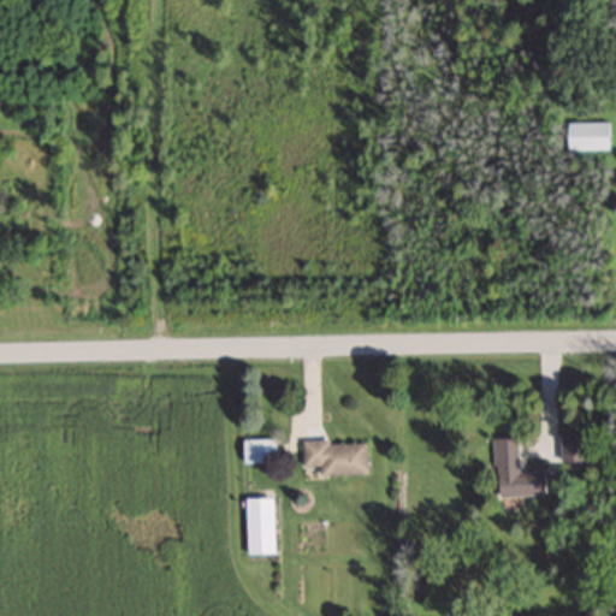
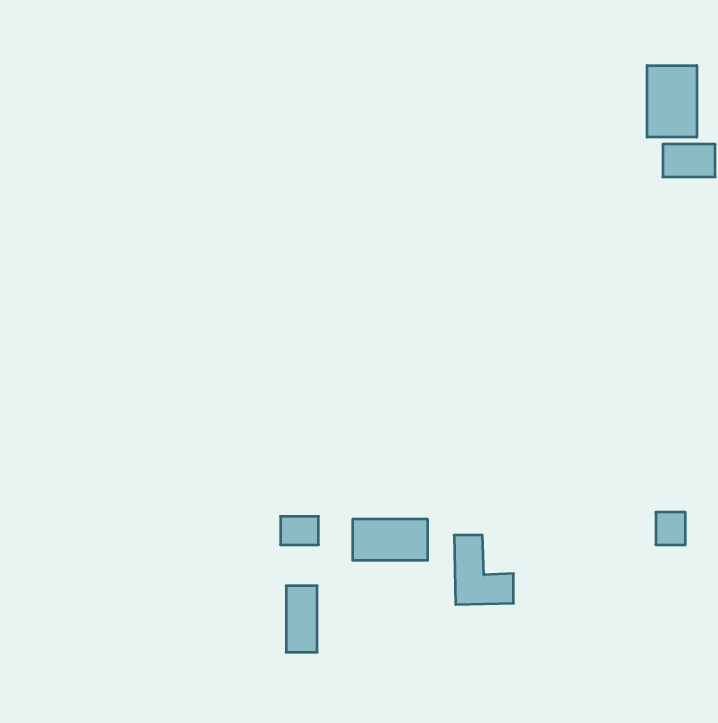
building: none -> [647,65,697,137]
building: [496,439,546,498] -> [454,535,514,605]

